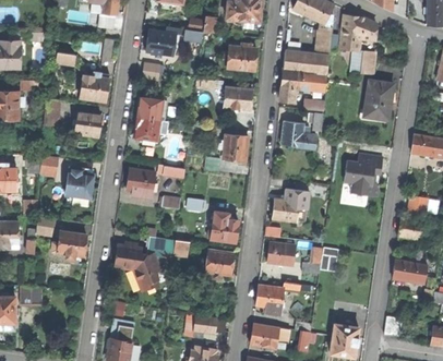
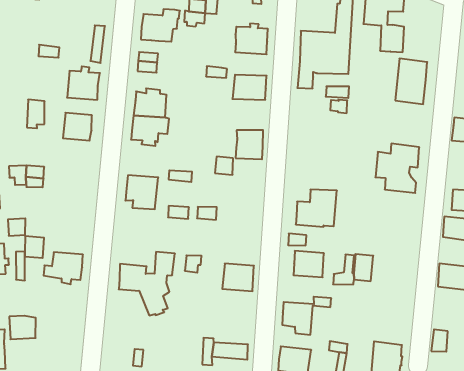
building: [280,120,315,148] -> none
building: [64,167,93,197] -> none
building: [207,210,238,241] -> none

